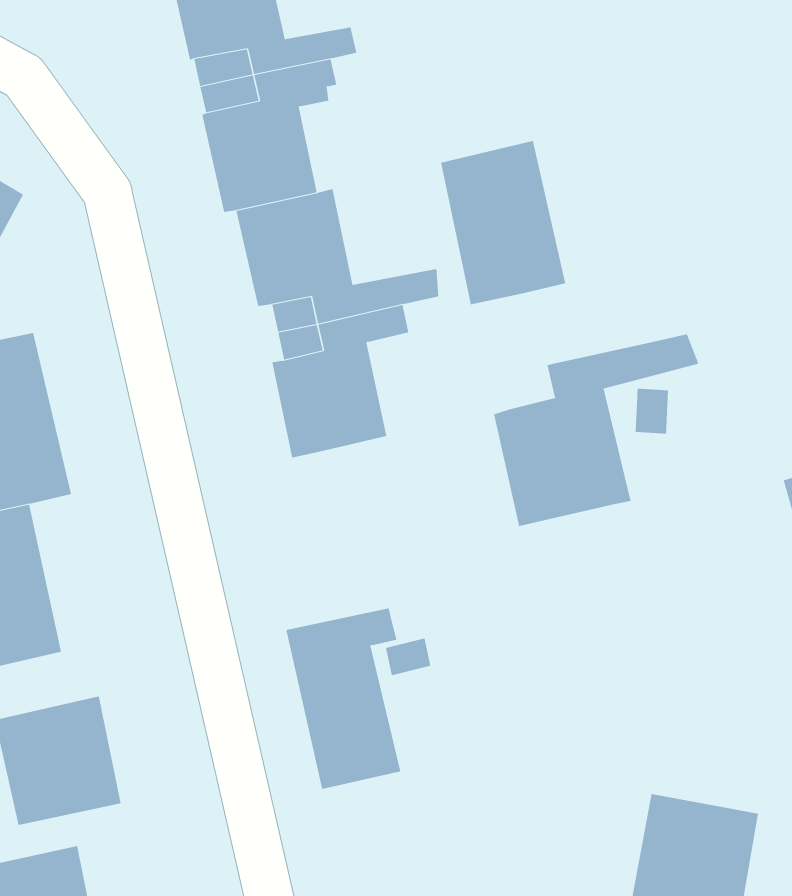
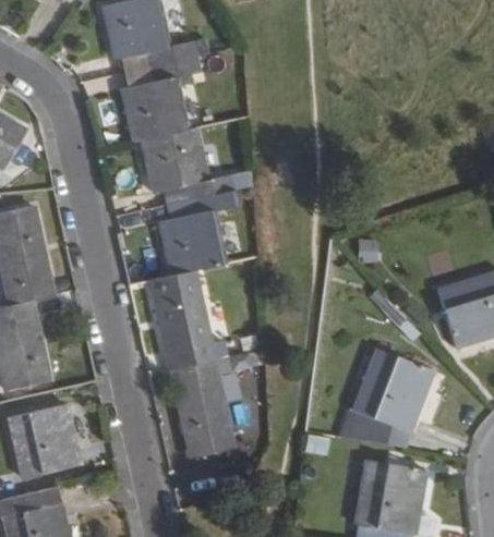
building: [441,140,566,305] -> none
building: [494,333,699,527] -> none
building: none -> [148,271,226,369]
building: none -> [351,349,436,446]

